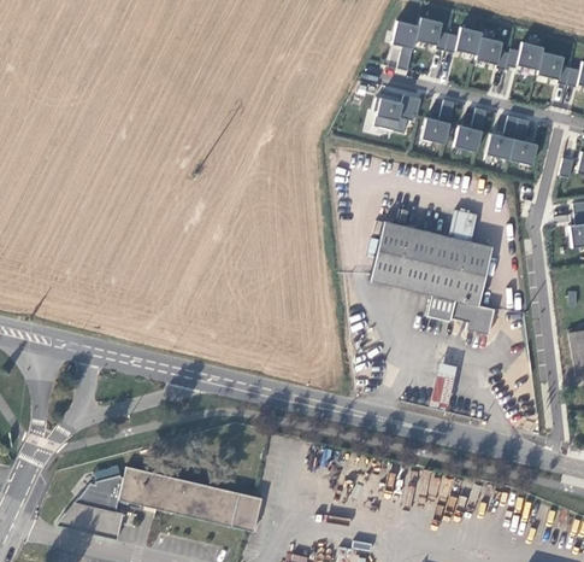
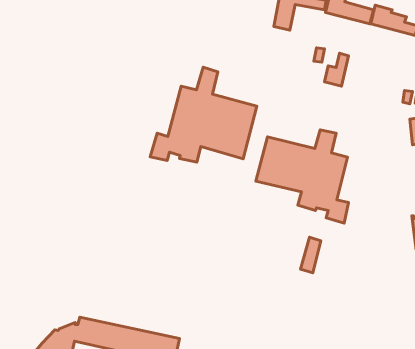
building: [376,86,425,134] -> none
building: [490,116,543,166] -> none
building: [425,118,453,144] -> none
building: none -> [150,67,257,162]

